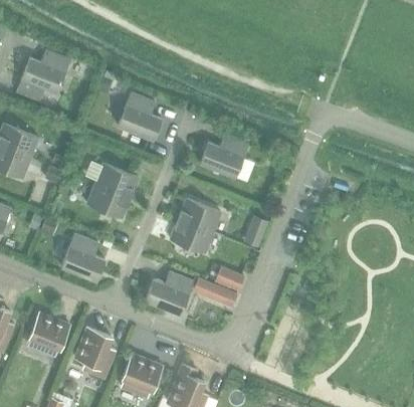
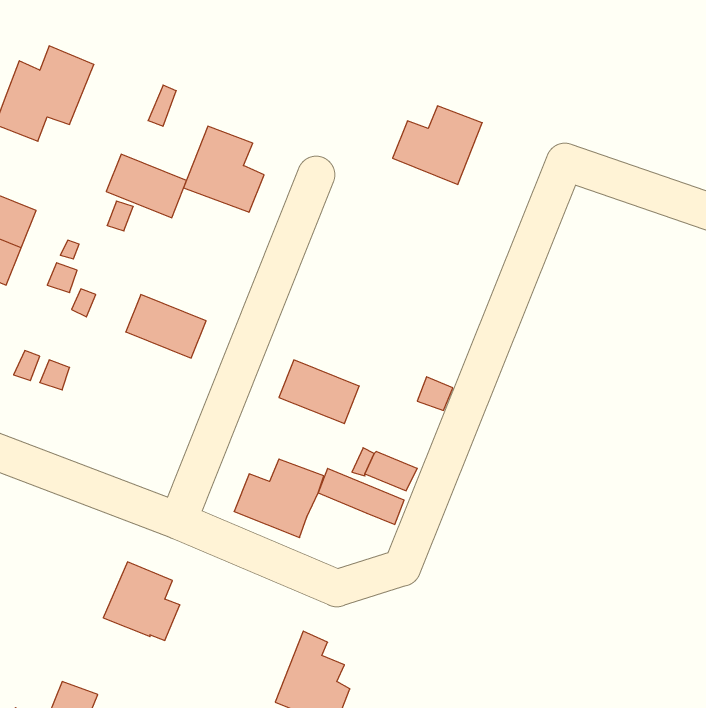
building: [200,134,248,176] -> [393,106,482,184]
building: [94,163,138,197] -> [106,154,187,218]
building: [177,198,220,232] -> none
building: [61,233,105,280] -> none
building: [29,313,68,349] -> none
building: [121,354,161,390] -> none

